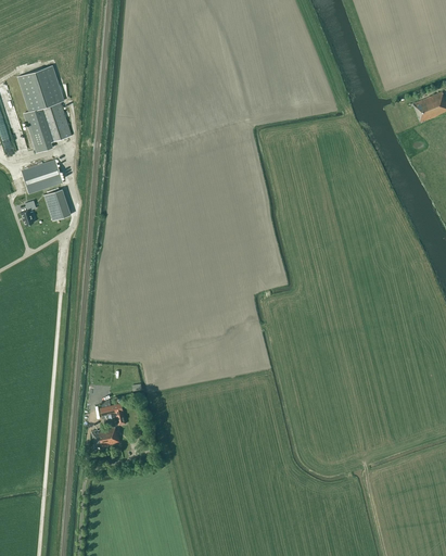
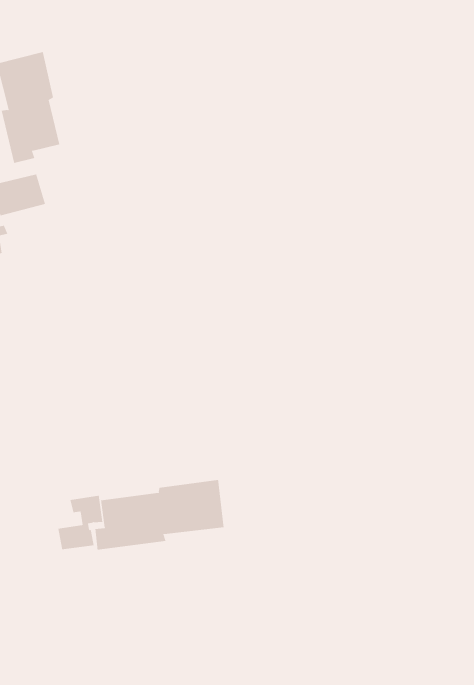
building: [44,189,71,220] -> none
building: none -> [95,479,224,551]

